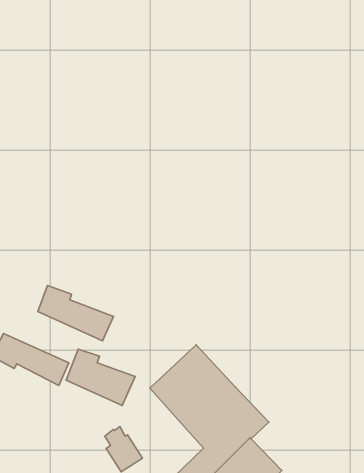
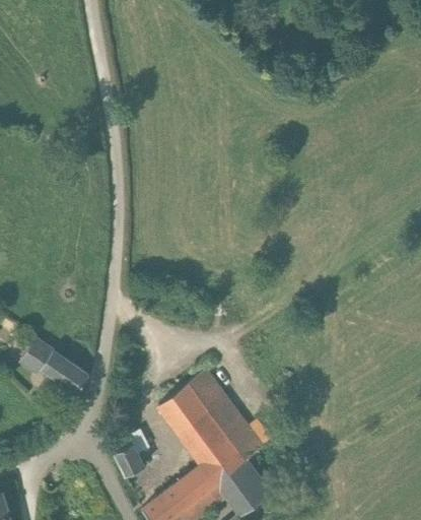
building: [38,286,113,341] -> none
building: [66,349,135,405] -> none

